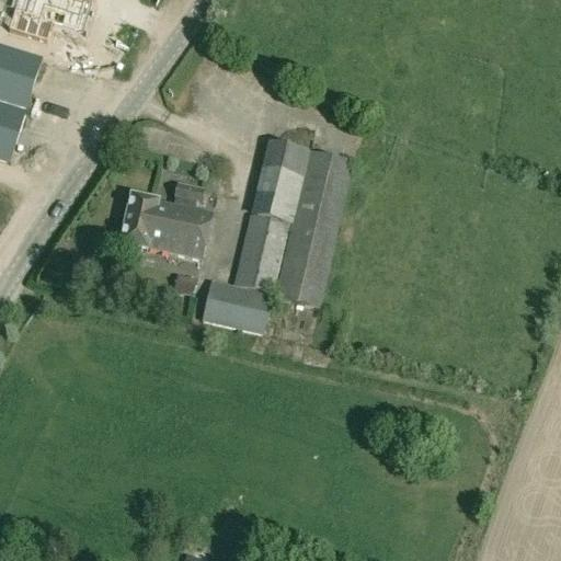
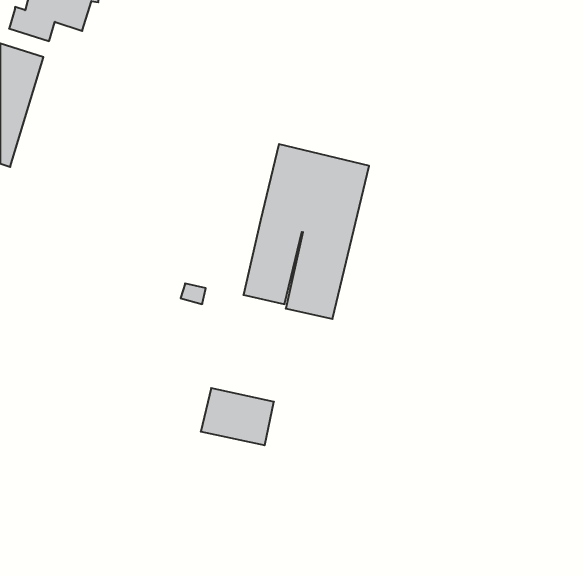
building: [119,180,211,257] -> none
building: [202,278,272,333] -> [201,388,274,445]

